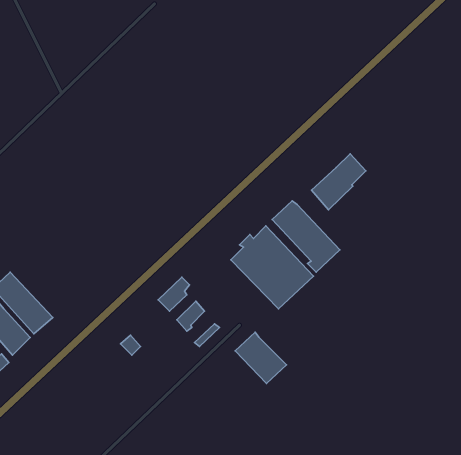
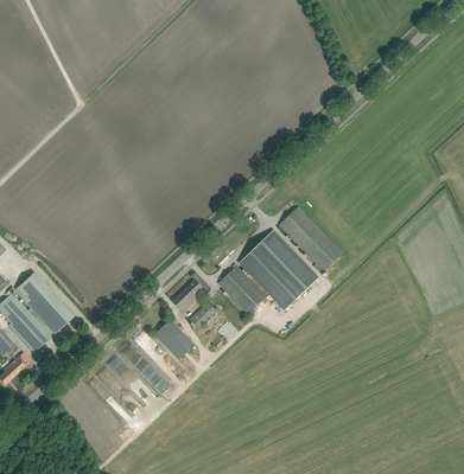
building: [312,154,366,210] -> none
building: none -> [153,319,193,359]
building: [235,332,287,384] -> [217,265,266,314]

